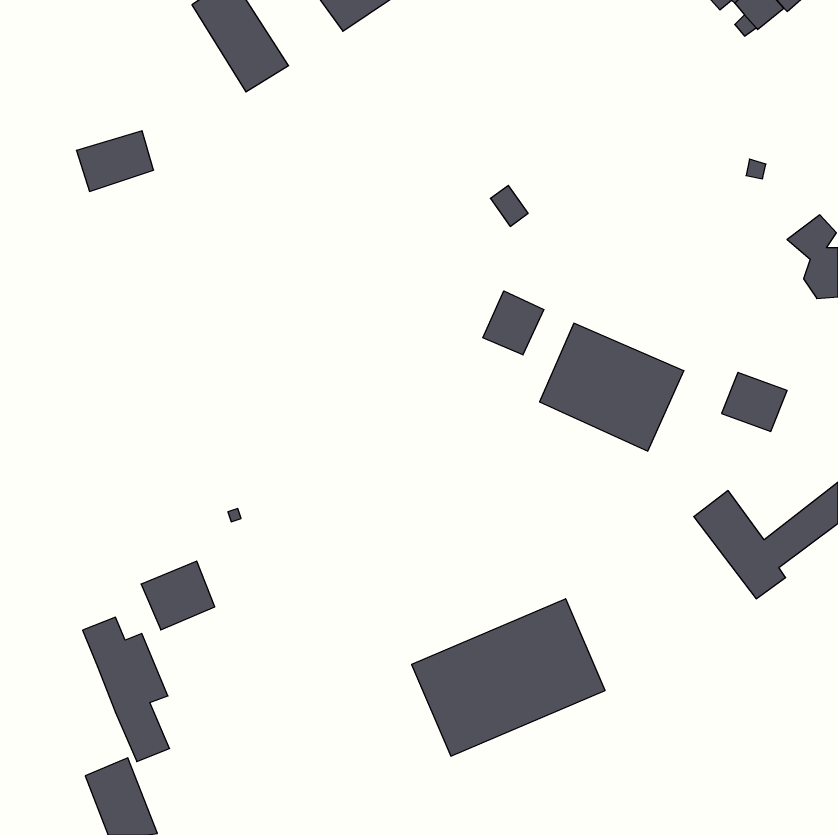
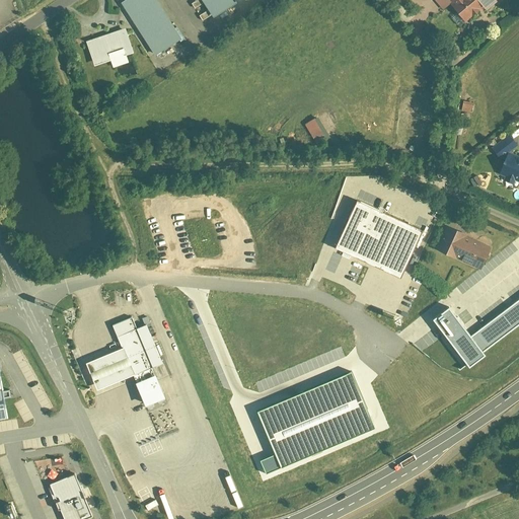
building: [76,131,154,191] -> [83,29,131,67]
building: [483,291,544,355] -> none
building: [83,617,170,762] -> [113,316,166,405]

